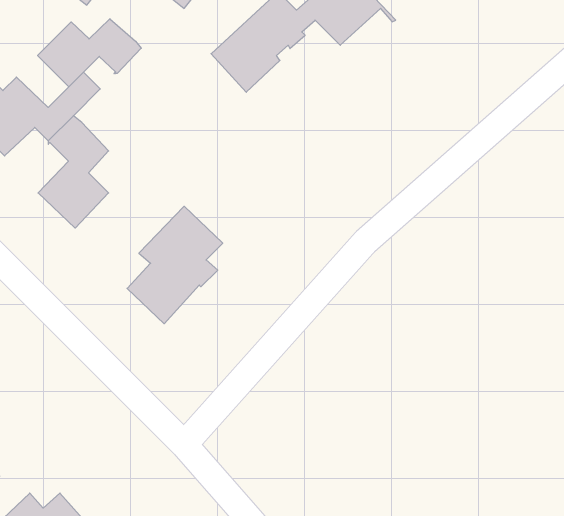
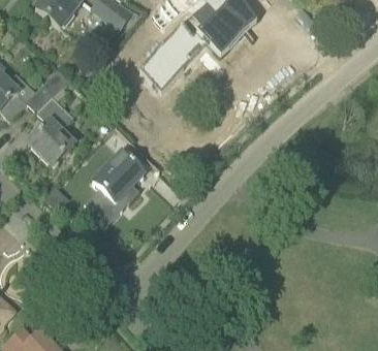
building: [38,19,141,87] -> none

